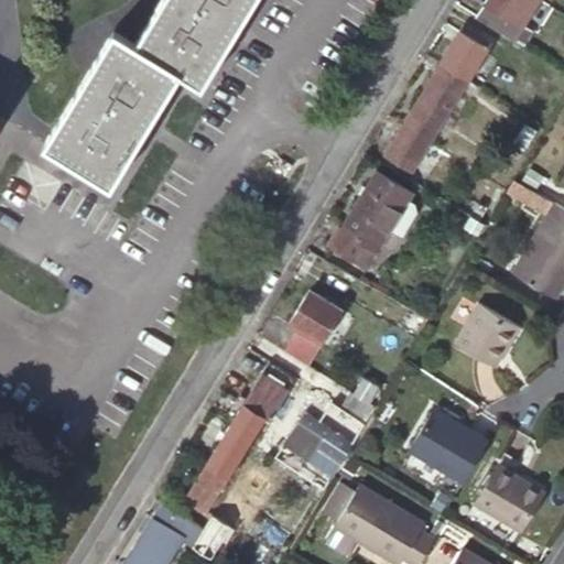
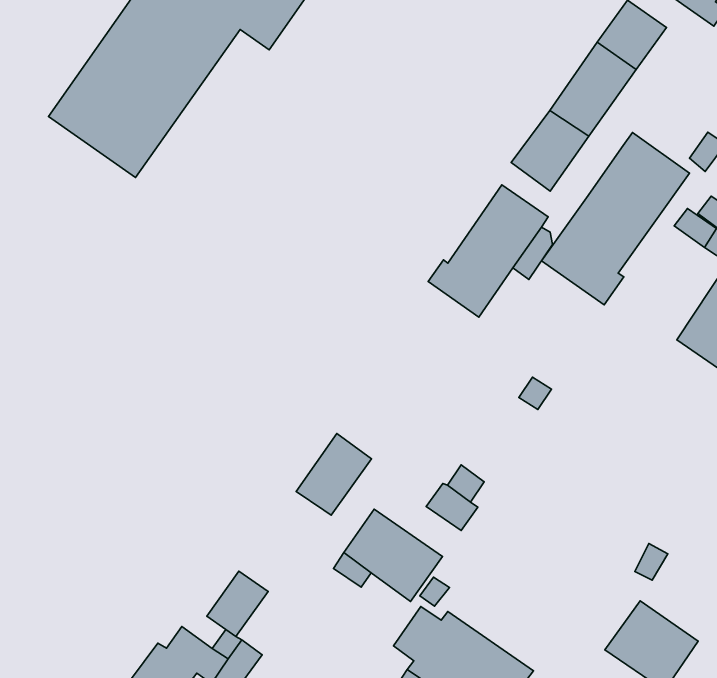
building: none -> [542,133,690,305]
building: [284,290,343,366] -> none
building: [456,304,519,367] -> none
building: [207,404,265,478] -> none
building: [409,408,488,482] -> none

